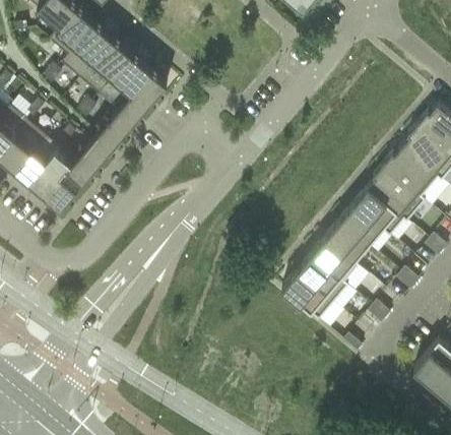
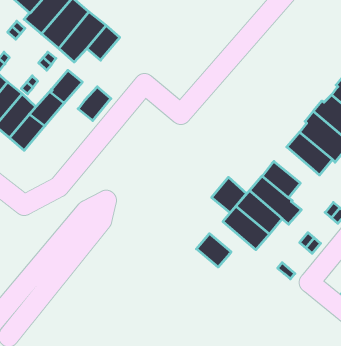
building: [109,96,145,133] -> [78,87,111,121]
building: [338,205,382,246] -> none
building: none -> [212,177,246,213]
building: none -> [196,234,231,267]

